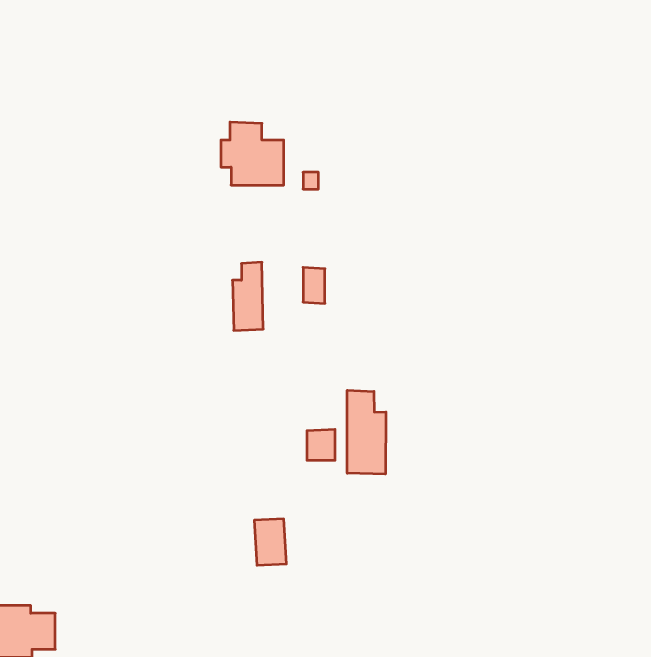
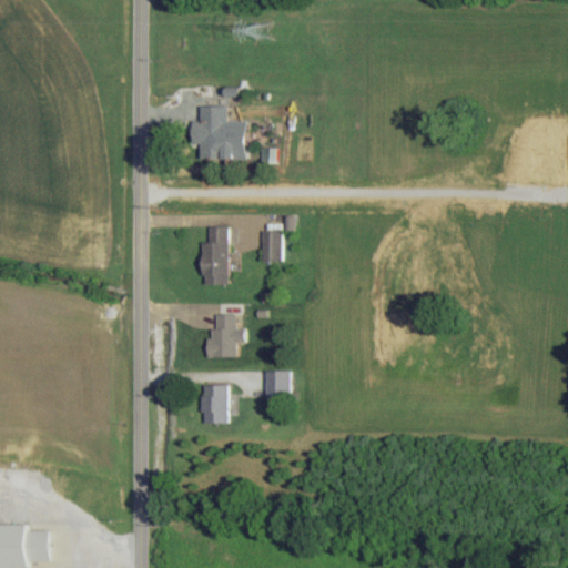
building: none -> [207,314,245,357]
building: [347,390,386,474] -> none
building: [254,519,286,565] -> [201,385,229,425]

